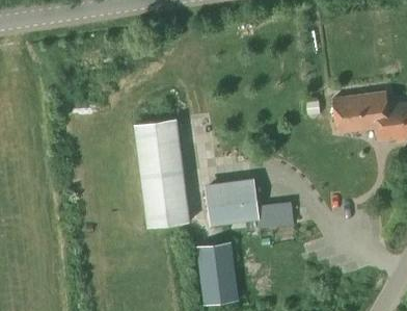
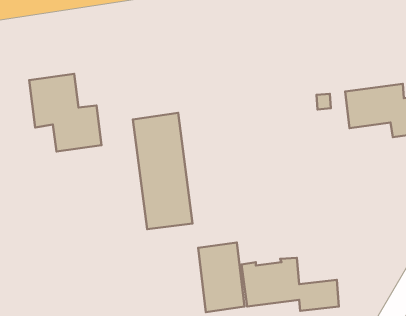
building: none -> [29,74,102,152]
building: [202,179,294,229] -> [242,258,339,311]

